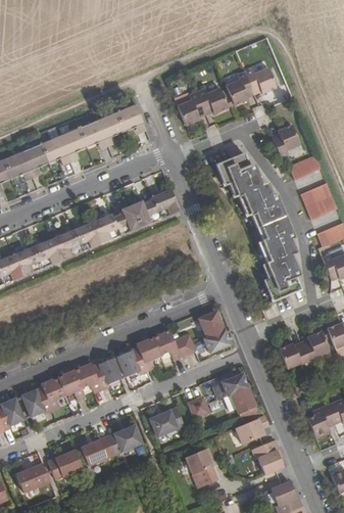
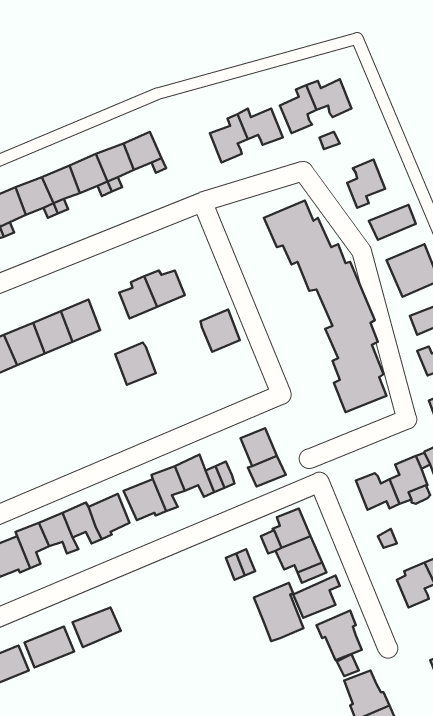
building: [151,188,179,218] -> [200,310,240,352]
building: [92,213,120,242] -> [115,342,156,385]
building: [149,407,184,435] -> none
building: [107,425,141,453] -> none
building: [183,447,217,487] -> [254,583,303,641]

